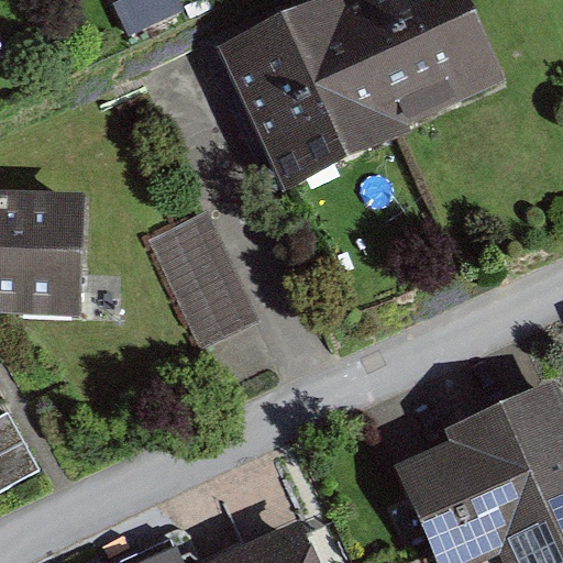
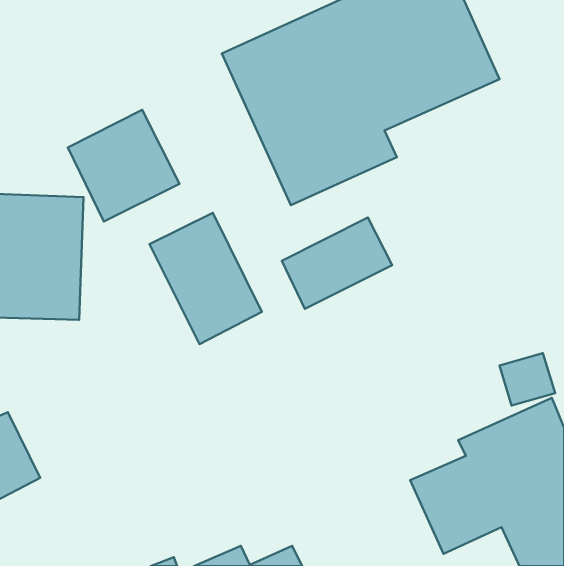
building: none -> [68,110,179,221]
building: none -> [282,217,392,309]

